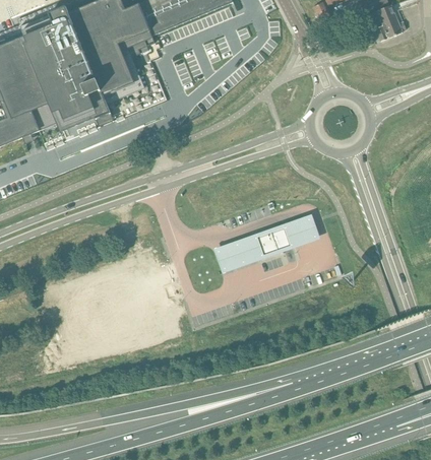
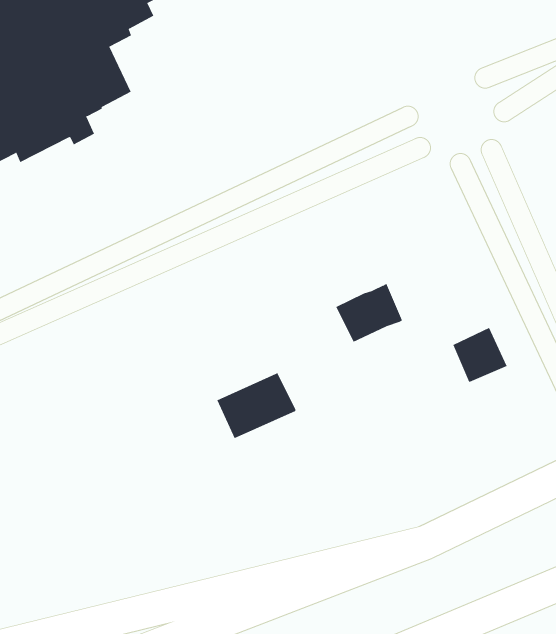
building: [287,213,320,247] -> [452,327,507,382]
building: [212,234,262,273] -> [216,372,296,439]

